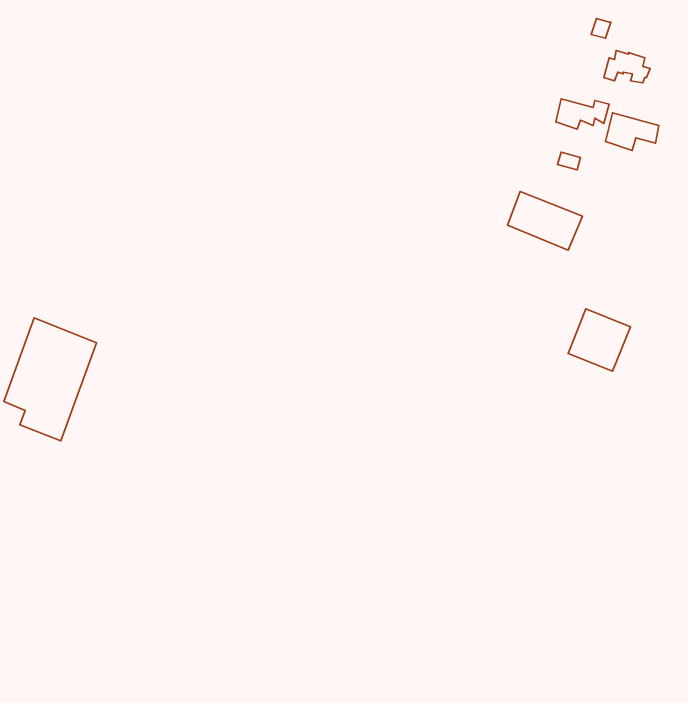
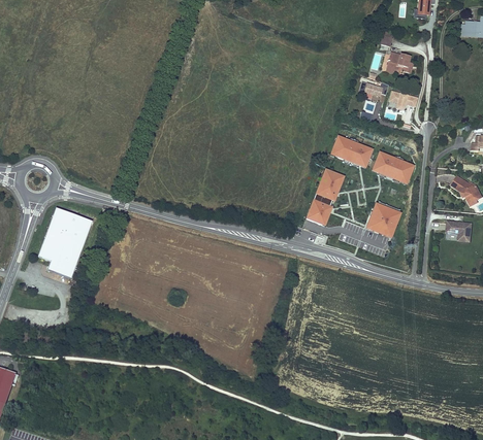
building: none -> [372,150,415,184]
building: none -> [305,168,345,226]

